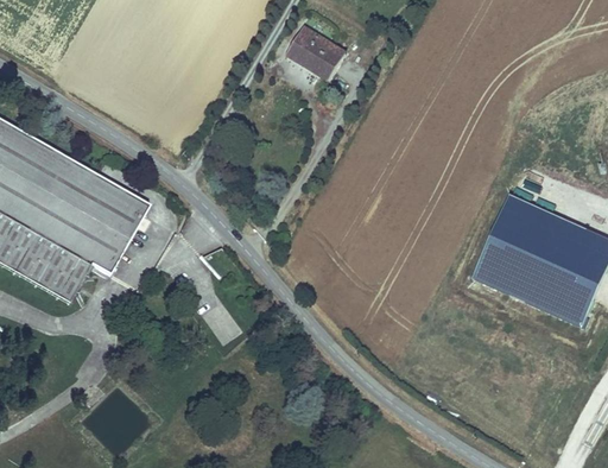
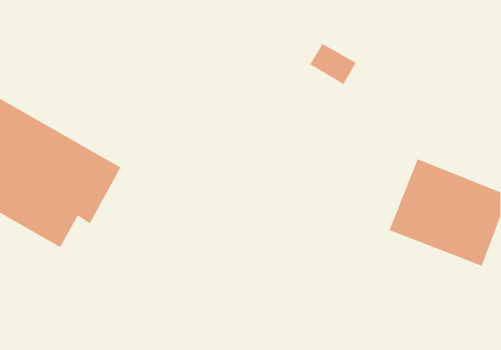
building: [286,30,343,81] -> [309,43,357,85]

